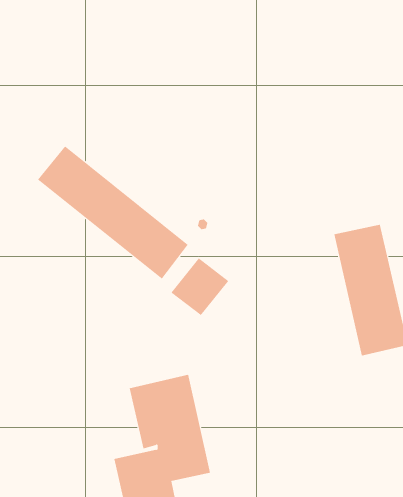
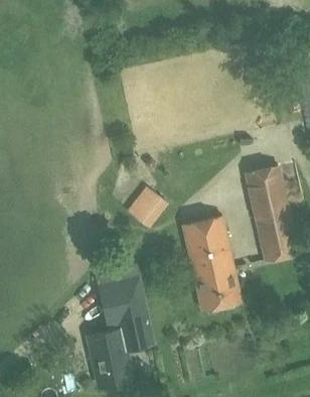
building: [37,146,188,280] -> none
building: none -> [182,216,242,309]

